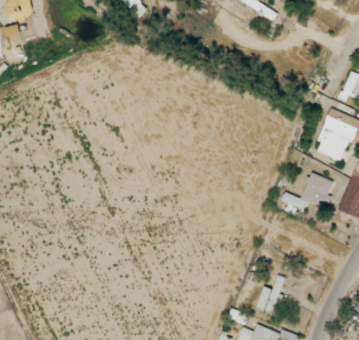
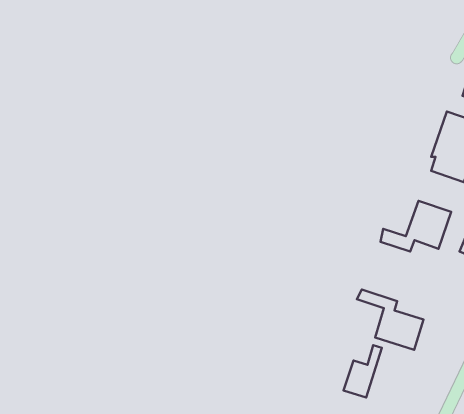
building: none -> [357,290,424,350]

